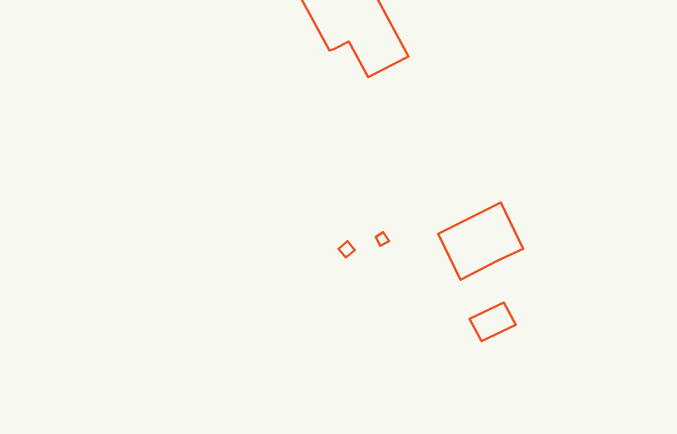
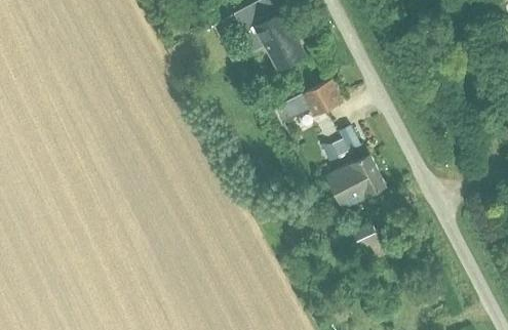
building: none -> [276,79,343,122]
building: none -> [321,126,361,163]

